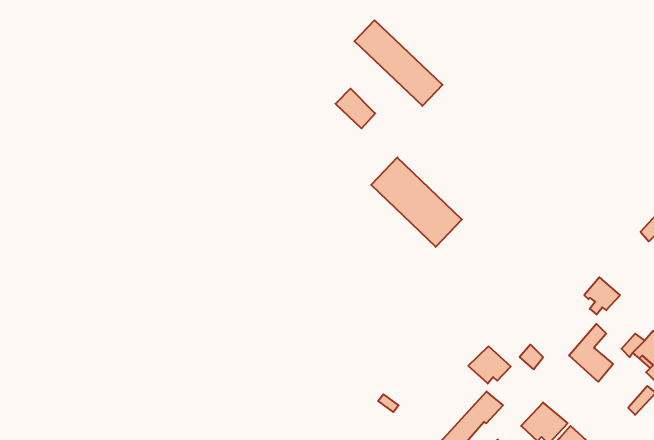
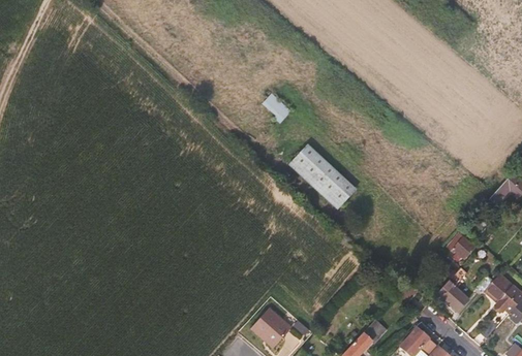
building: [354,20,443,106] -> none
building: [468,346,511,384] -> none
building: none -> [251,311,288,347]

